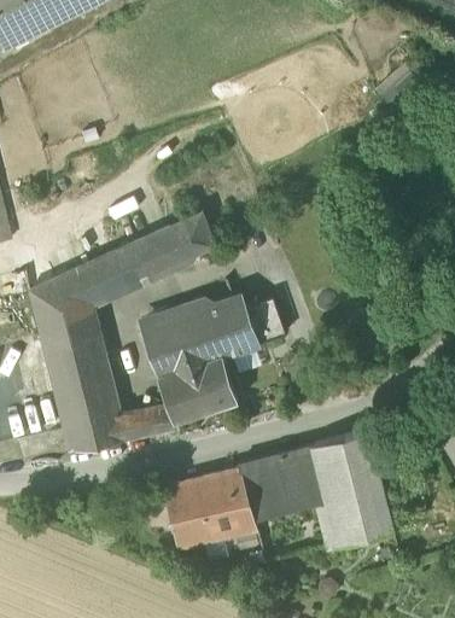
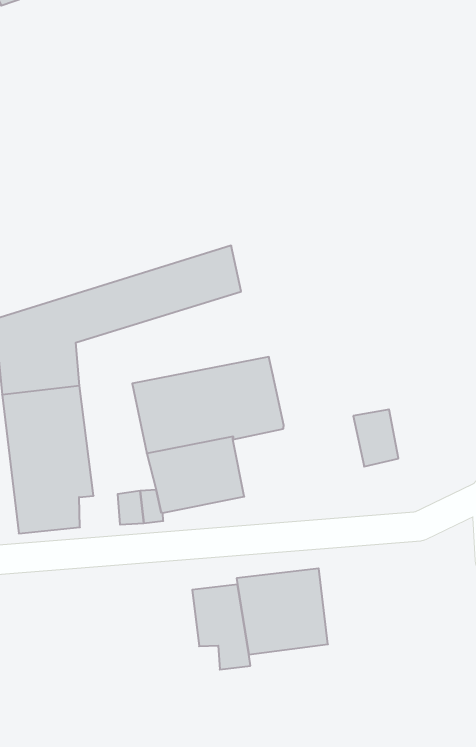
building: [246,298,285,344] -> [353,409,398,467]
building: [111,413,145,442] -> none
building: [301,431,395,549] -> none
building: [163,478,235,549] -> none

